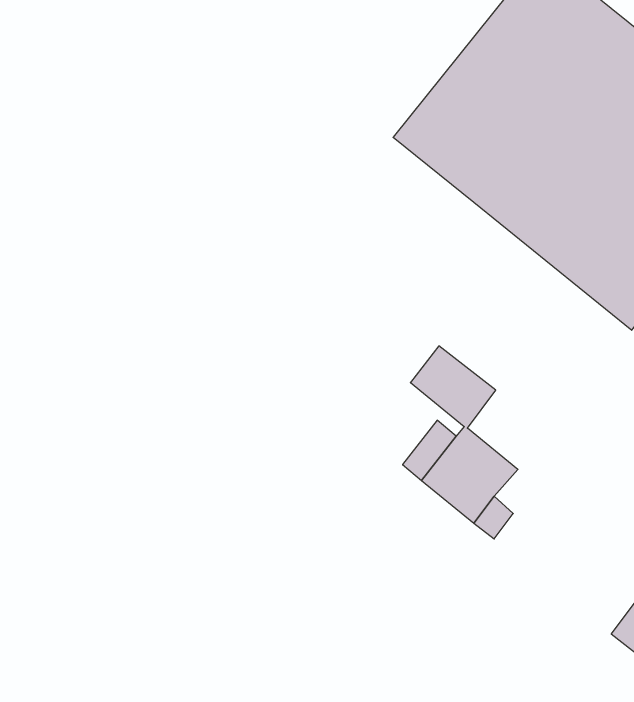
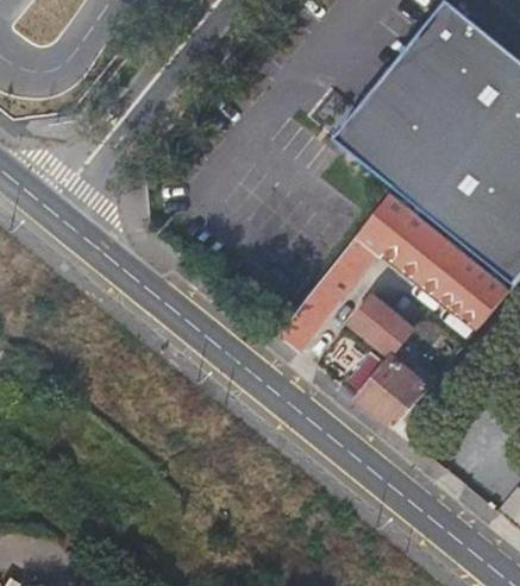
building: none -> [280,194,509,351]

